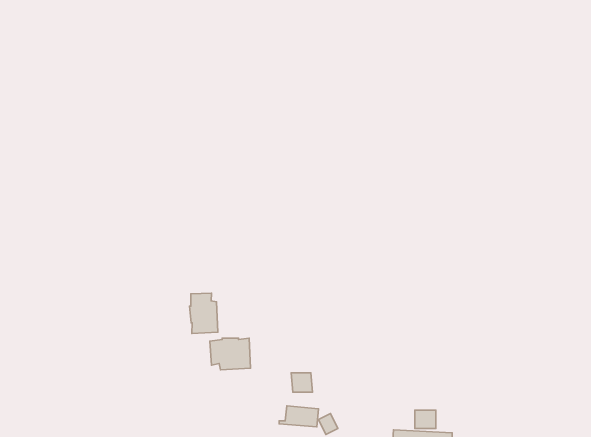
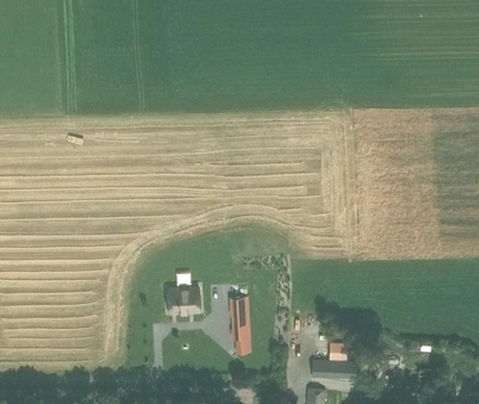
building: [189,293,218,333] -> none

